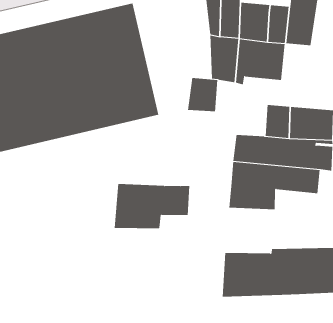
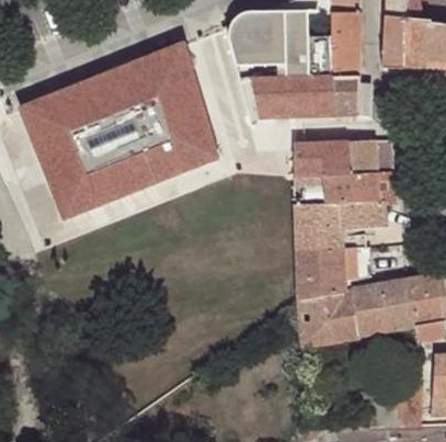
building: none -> [332,75,369,114]
building: [187,77,218,112] -> [294,140,323,175]
building: [114,184,190,229] -> [296,243,373,297]

